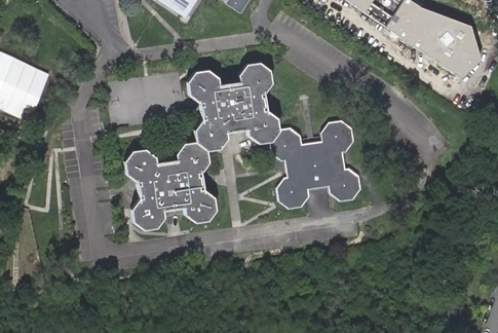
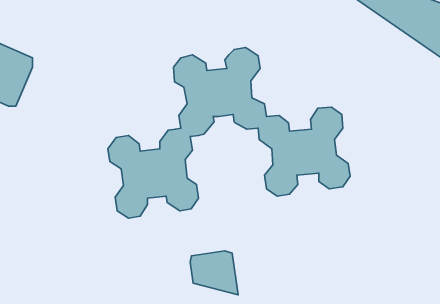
building: none -> [190,251,238,295]

